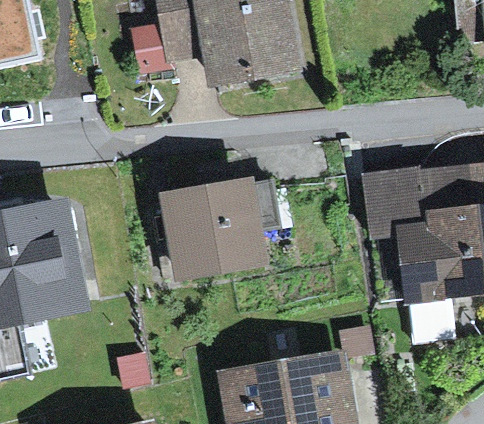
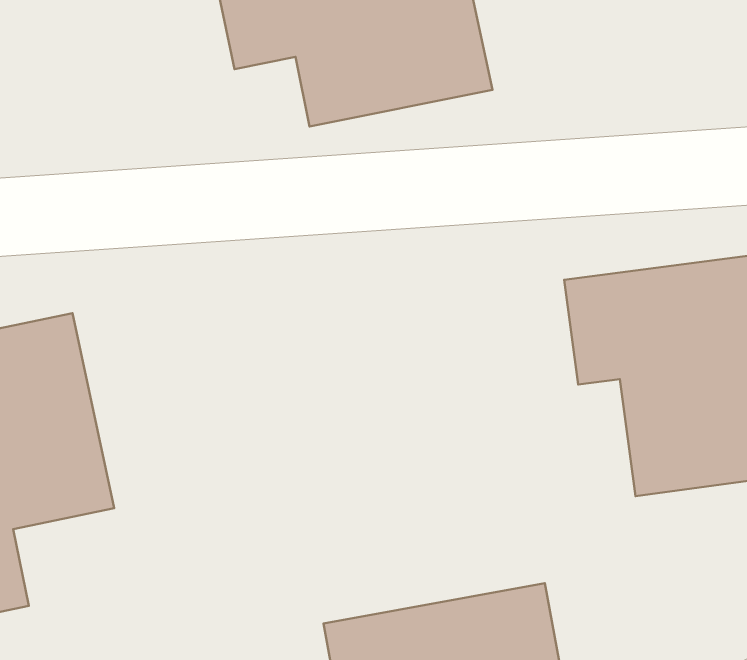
building: [159,177,273,282] -> none

